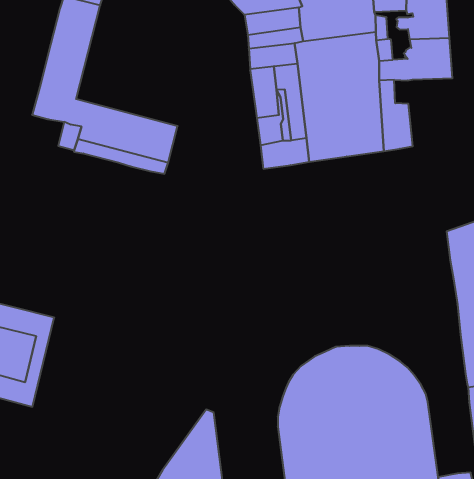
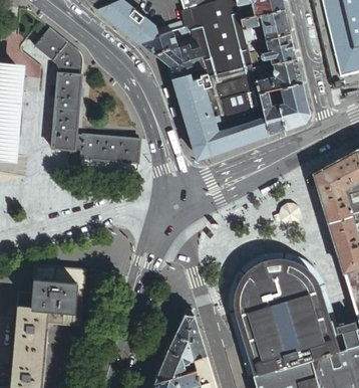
building: none -> [278,83,309,129]

